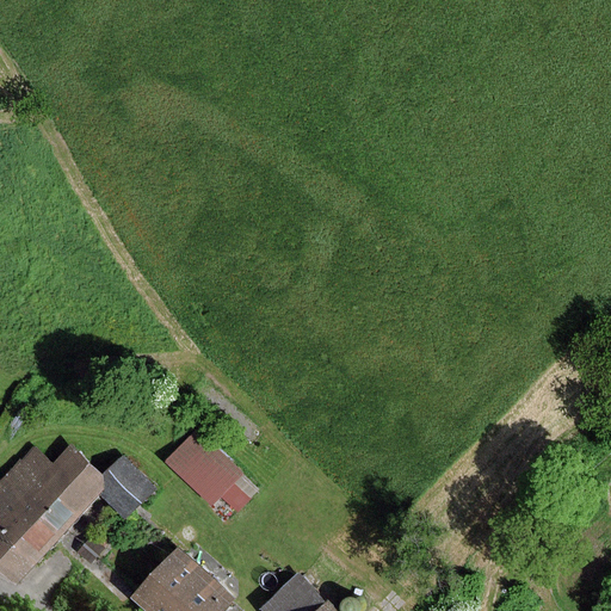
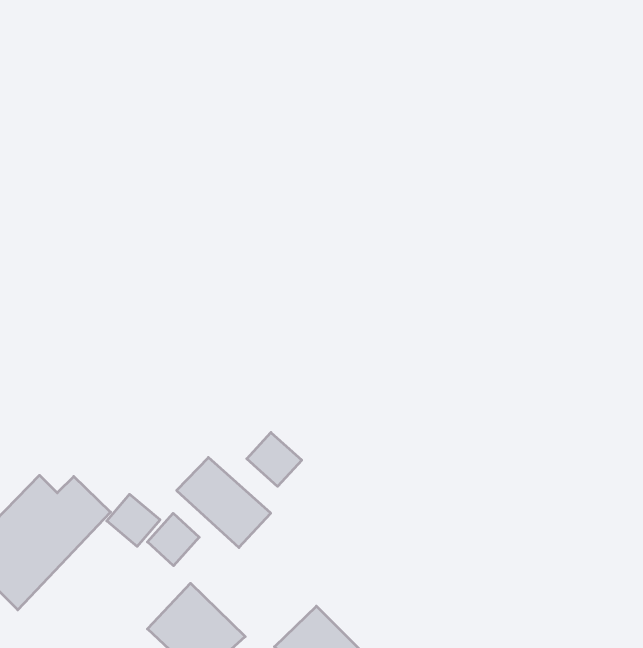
building: none -> [247,432,302,486]
building: none -> [147,513,199,566]

